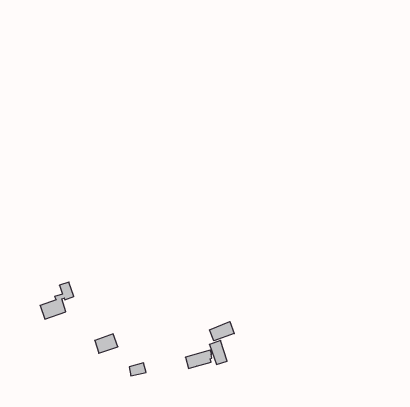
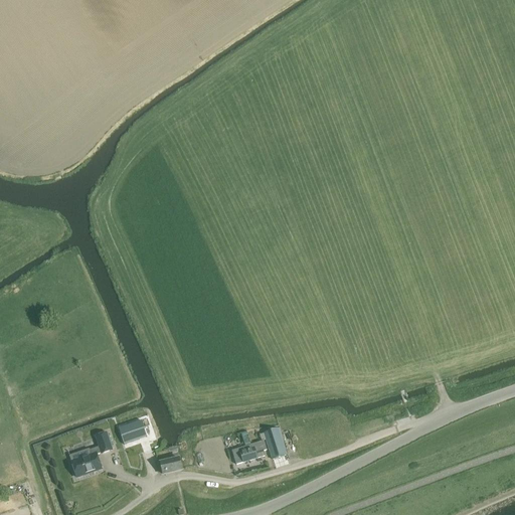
building: [40,282,74,319] -> [70,430,113,476]
building: [210,322,234,341] -> none

